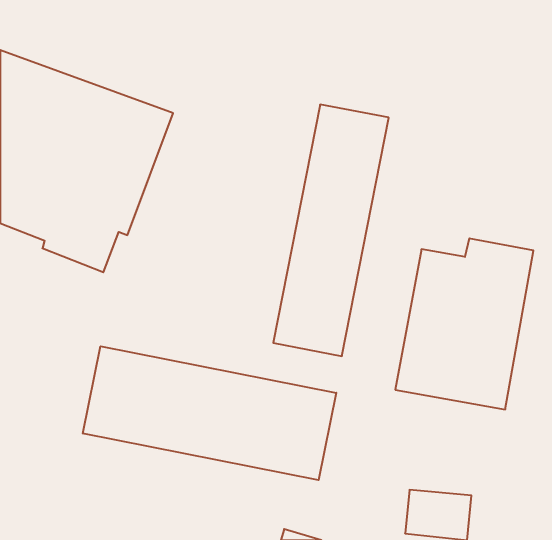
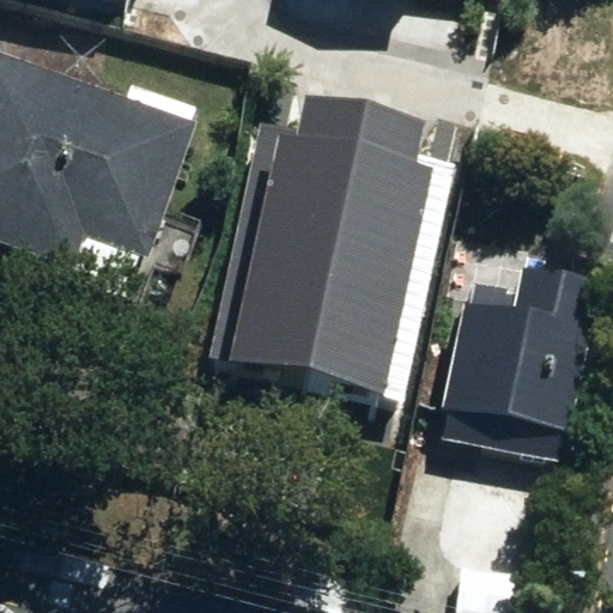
building: none -> [231,99,357,377]
building: [83,346,336,480] -> none

